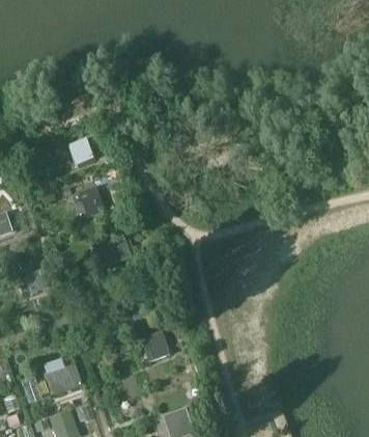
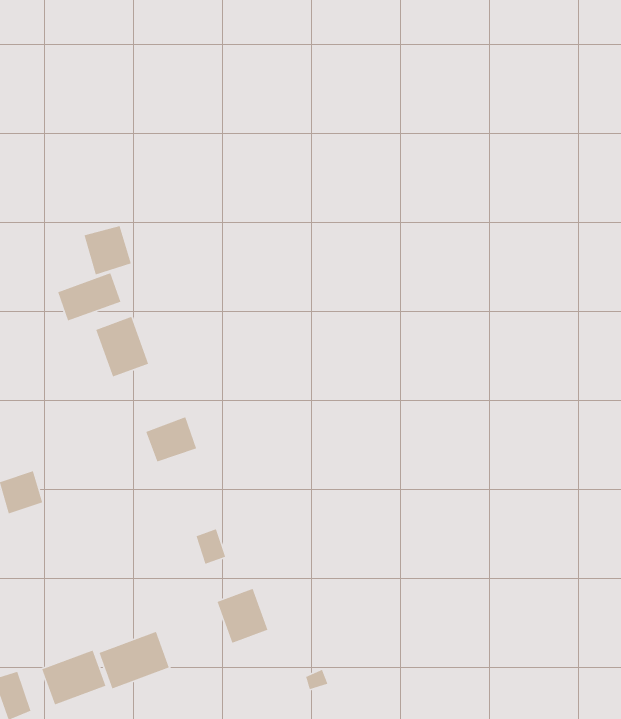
building: none -> [57,272,121,321]
building: none -> [98,631,170,689]

